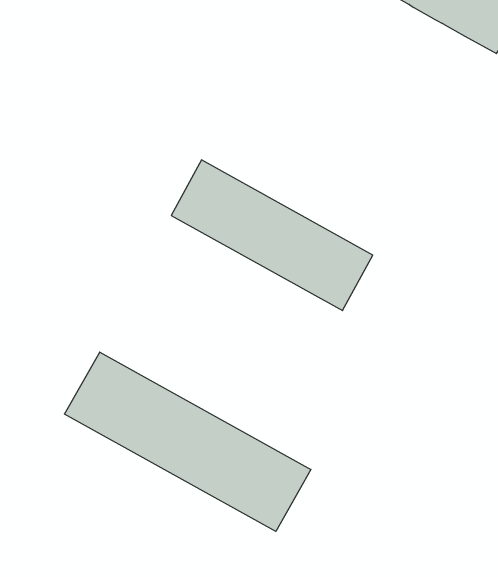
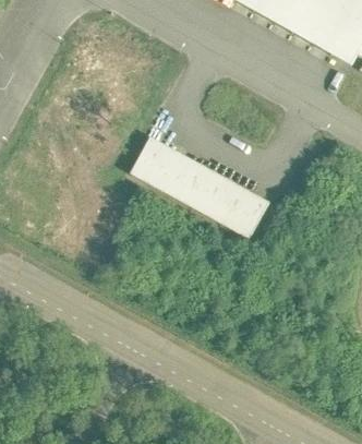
building: [64,352,311,531] -> none

